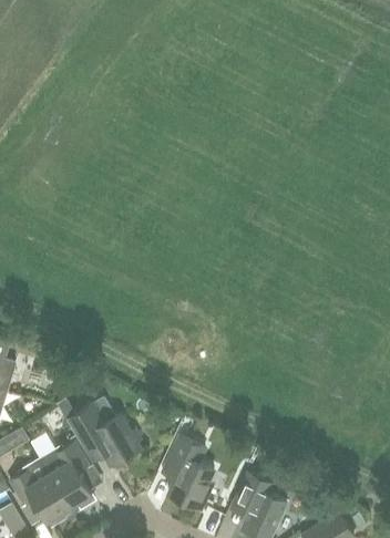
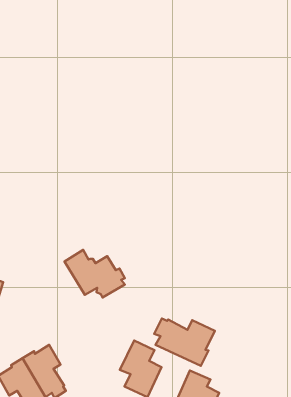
building: [65,406,141,466] -> [64,250,125,298]
building: none -> [154,318,215,366]

